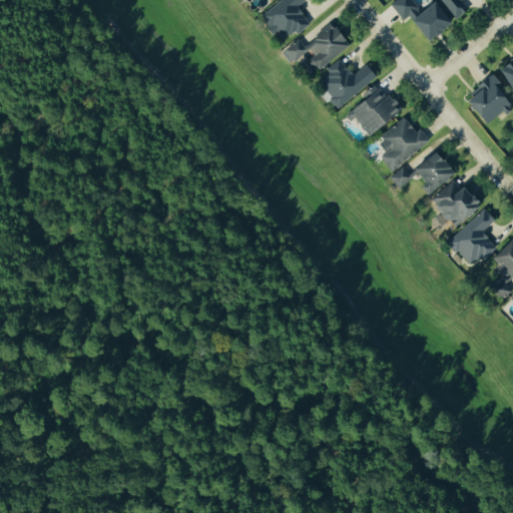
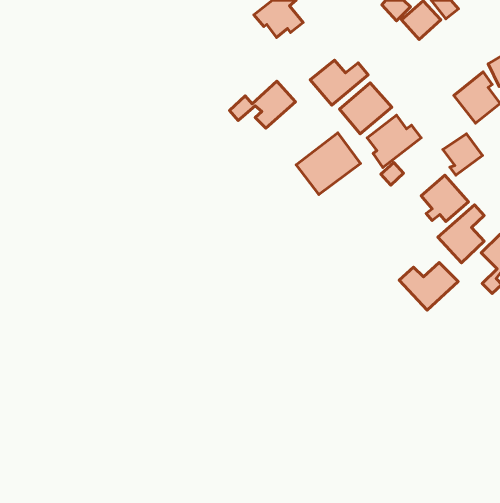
building: [284,23,351,71] -> [229,81,295,128]
building: none -> [296,133,360,194]
building: [414,151,454,193] -> [443,134,482,175]
building: none -> [399,262,458,310]

